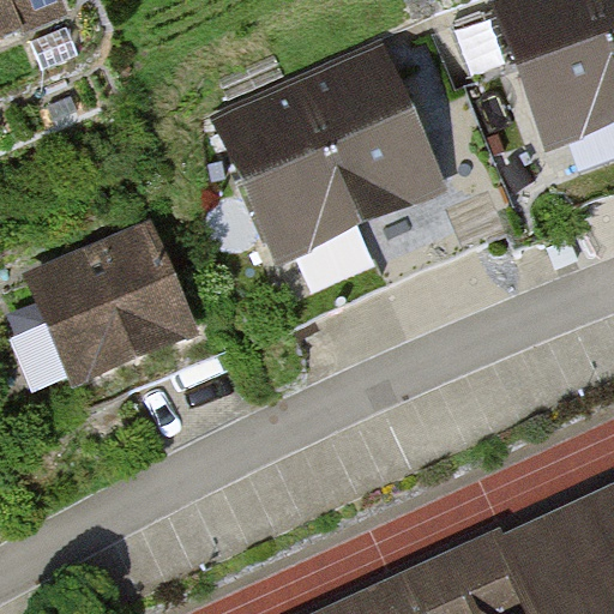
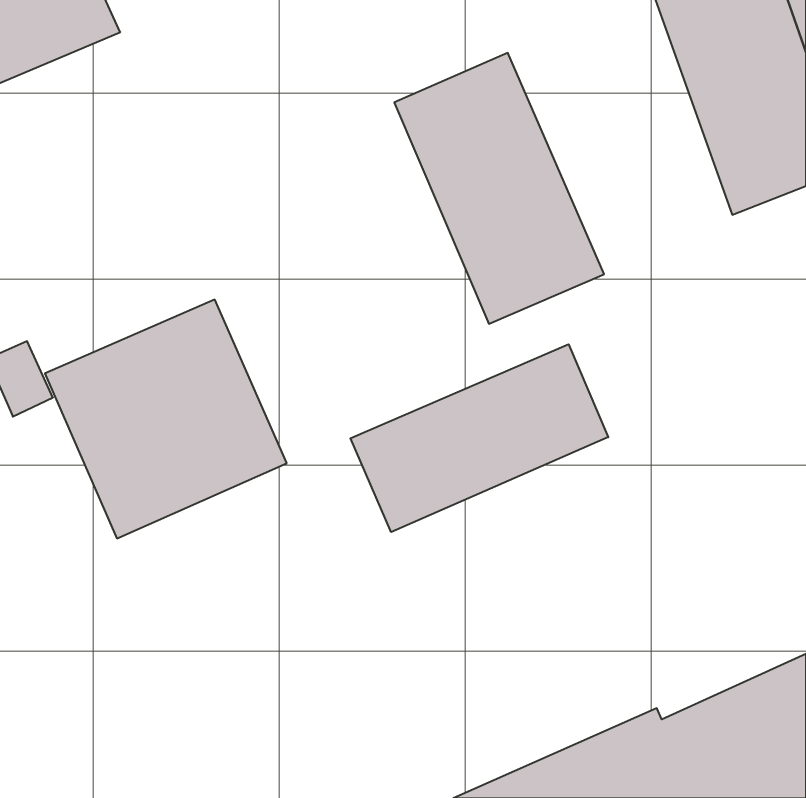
building: [209,77,366,279] -> none
building: none -> [350,344,608,532]

